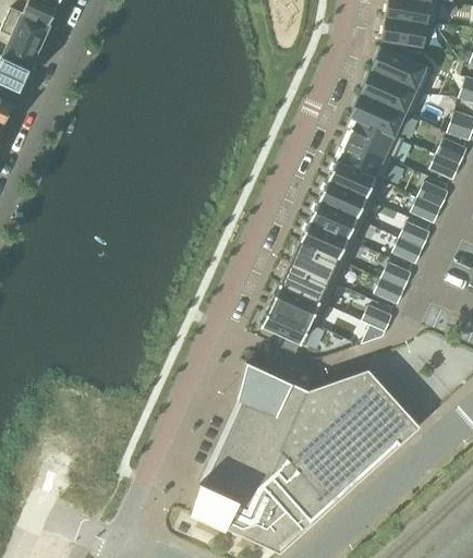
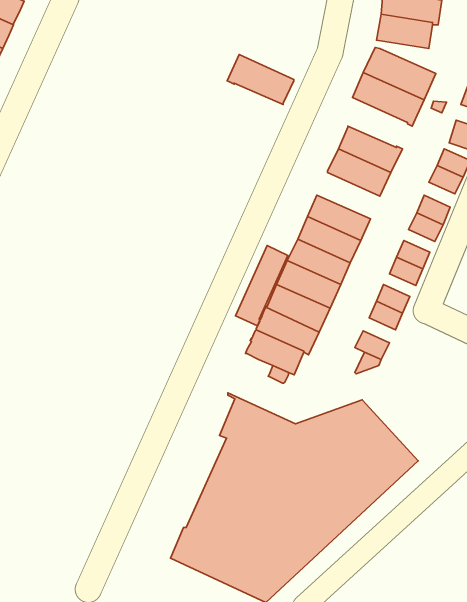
building: [348,92,409,137] -> [227,55,294,105]
building: [326,160,384,203] -> none
building: none -> [235,246,288,326]

